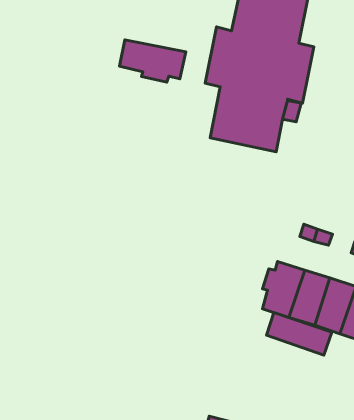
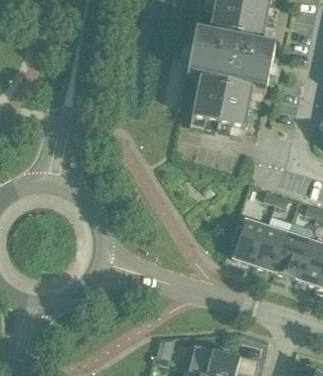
building: [120,40,186,82] -> none
building: [267,313,332,355] -> none

